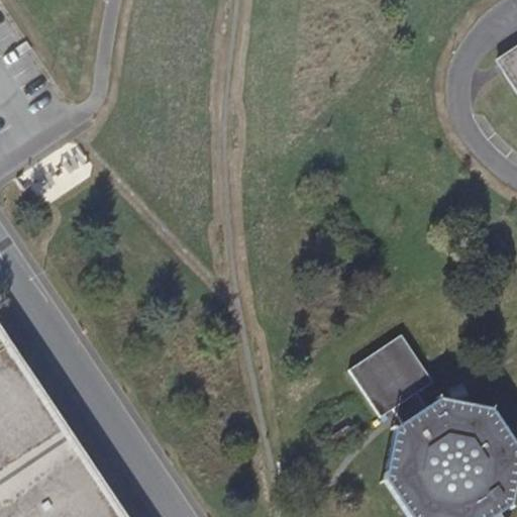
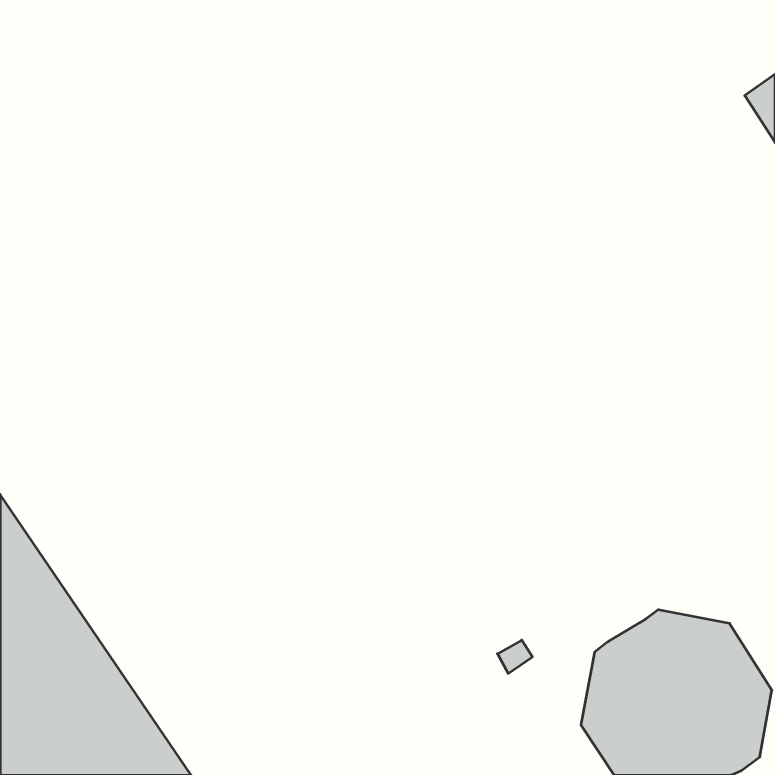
building: [348,337,432,427] -> none

